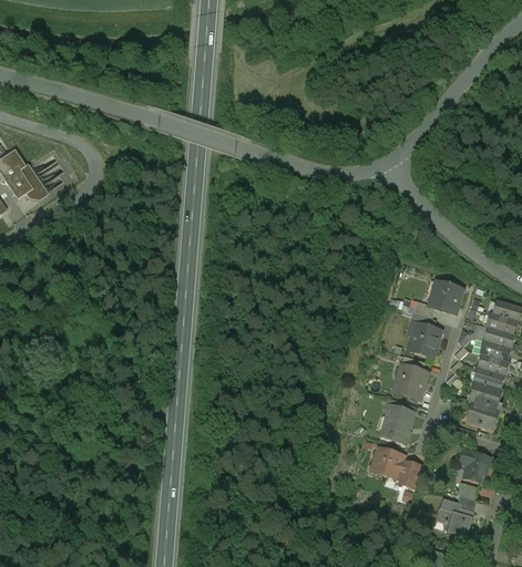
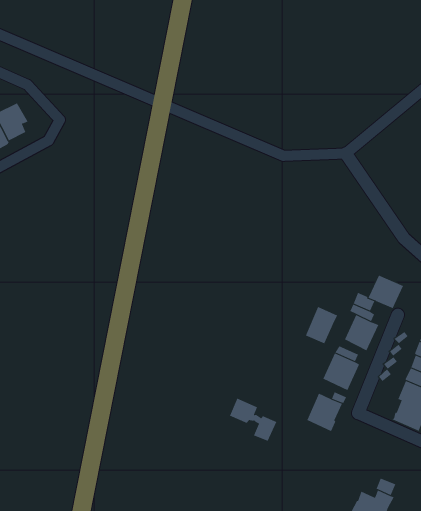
building: none -> [305,306,338,344]
building: [373,449,422,488] -> [229,398,277,442]
building: [460,451,489,483] -> none

